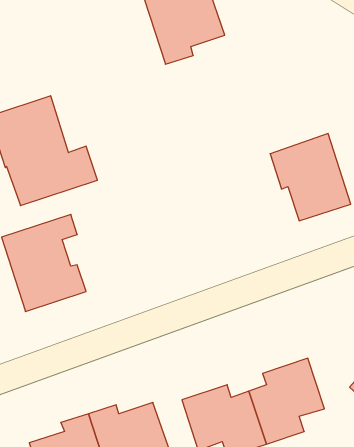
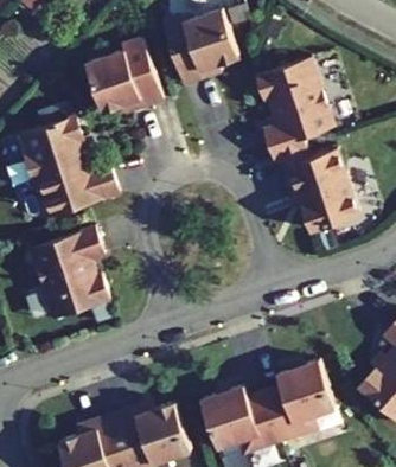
building: none -> [88,39,165,111]
building: none -> [256,59,336,162]

